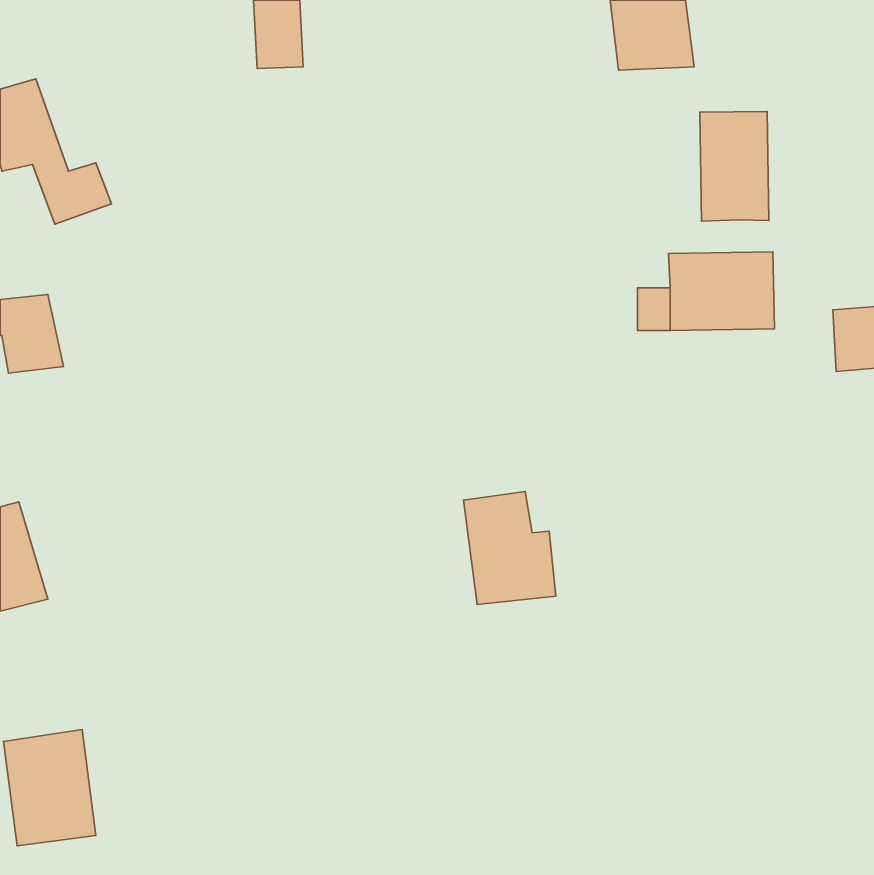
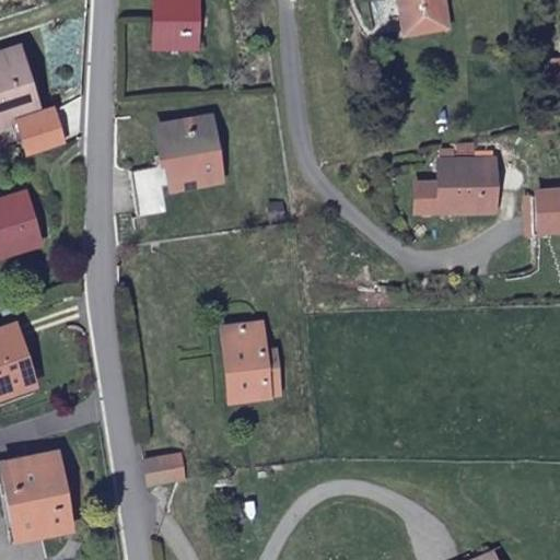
building: [700,111,769,221] -> none
building: none -> [131,120,218,217]
building: [463,492,556,605] -> [221,326,280,398]
building: none -> [145,451,190,476]

